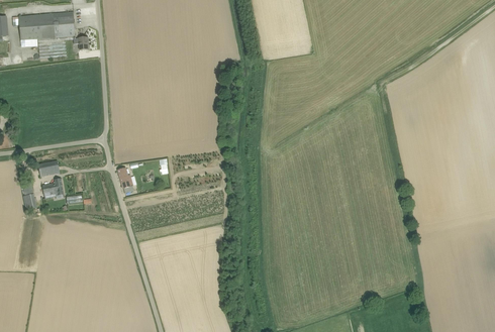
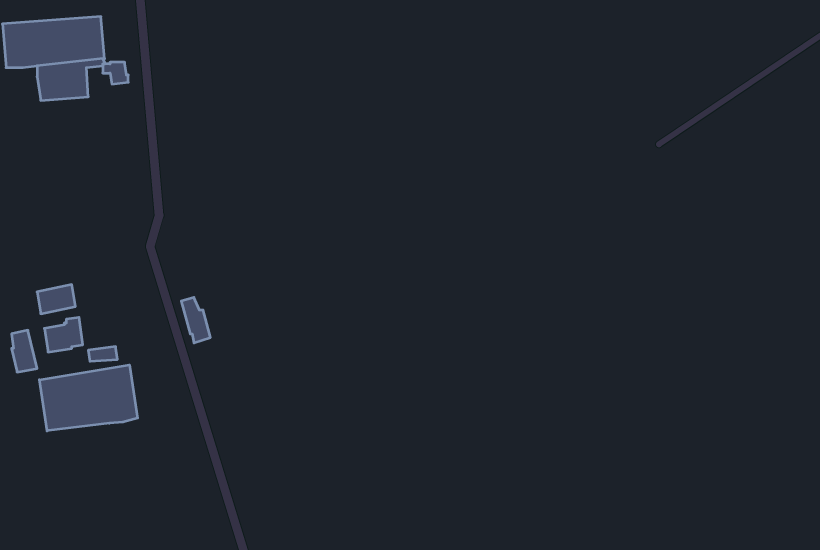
building: none -> [39,365,138,431]

